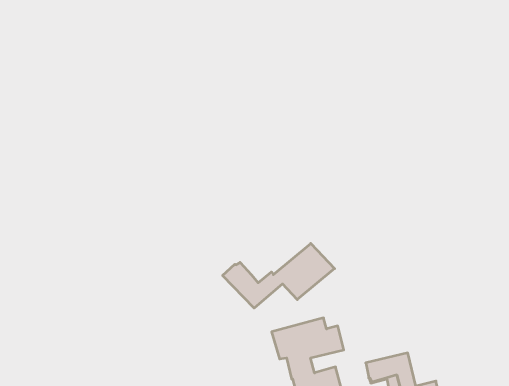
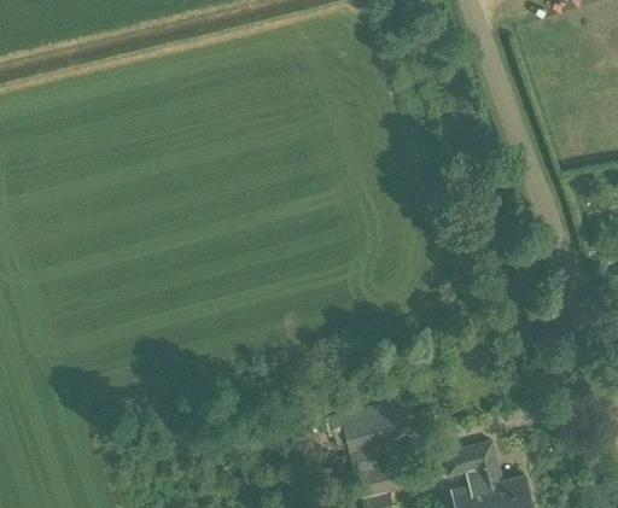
building: [223,243,335,308] -> none

